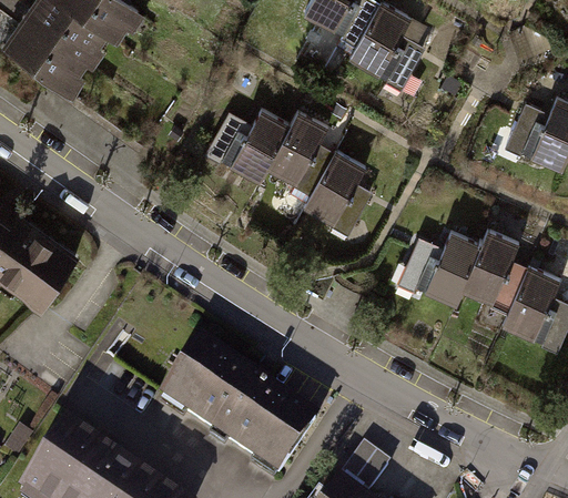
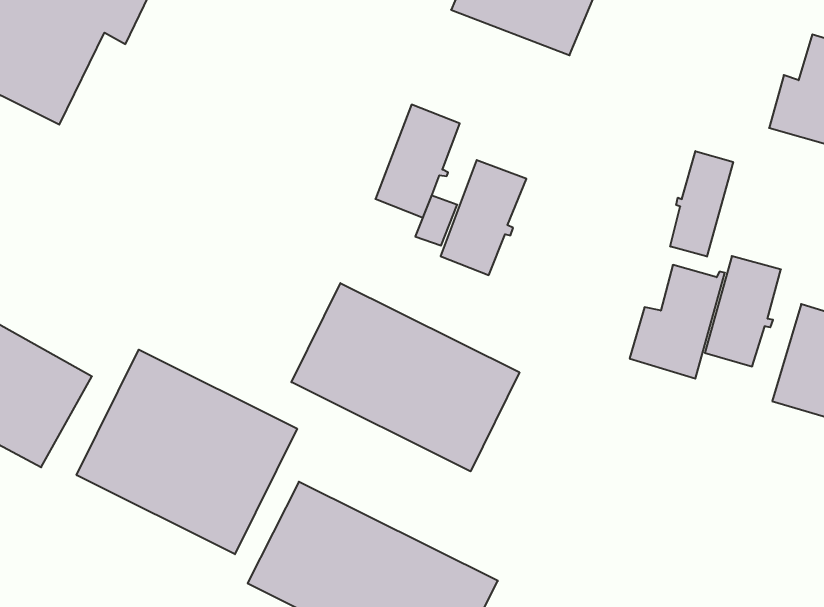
building: [221,108,288,179] -> none
building: none -> [670,151,733,257]
building: none -> [291,283,519,471]
building: none -> [77,350,297,554]

